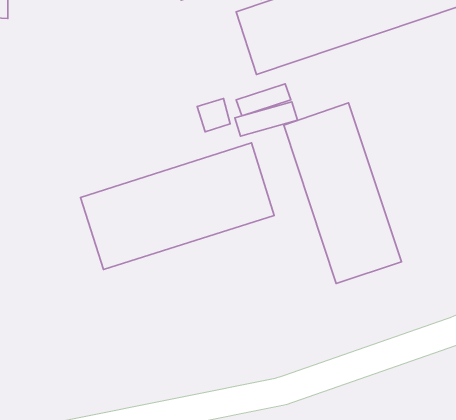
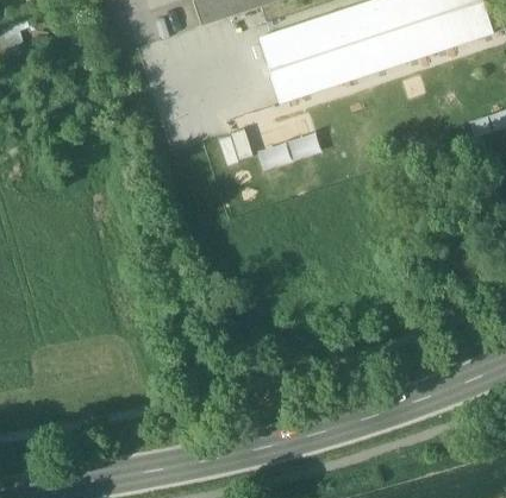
building: [284,103,402,283] -> none
building: [80,143,274,269] -> none

